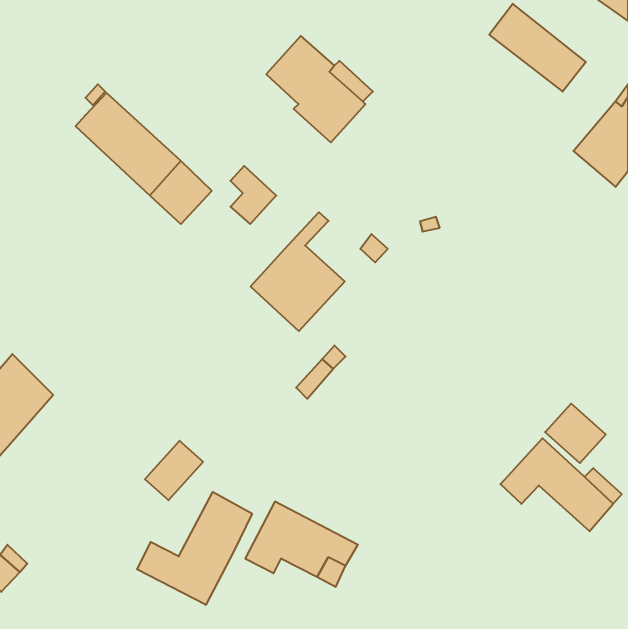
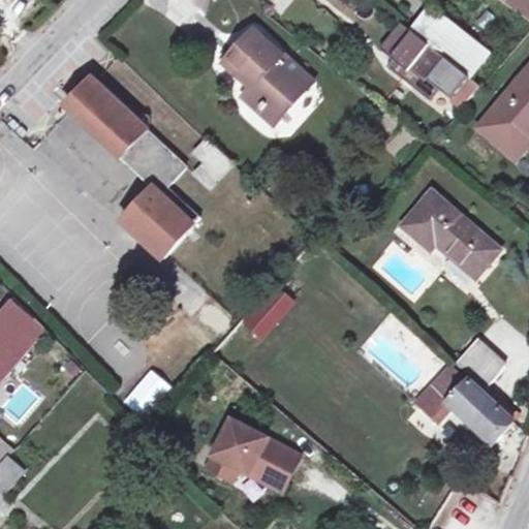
building: none -> [377,22,477,106]
building: [251,212,345,331] -> [120,159,198,258]
building: none -> [401,190,497,276]
building: [137,492,252,605] -> none

